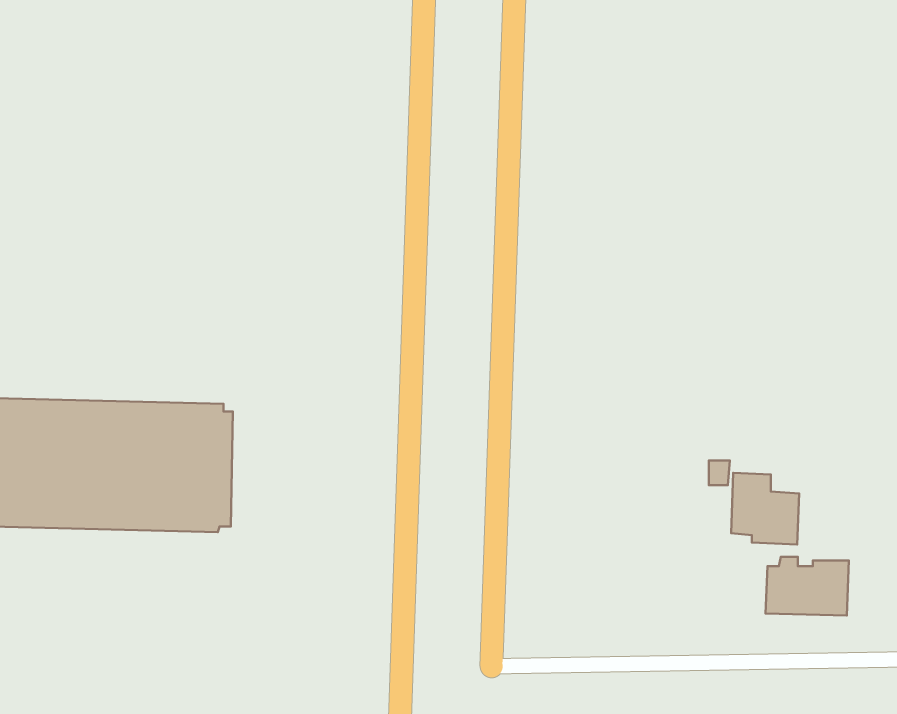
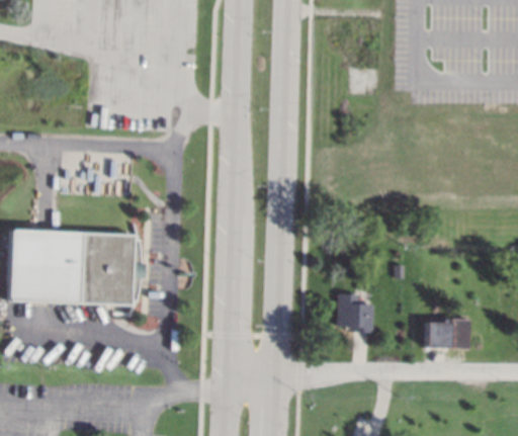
building: [731,473,799,545] -> [335,292,371,331]

